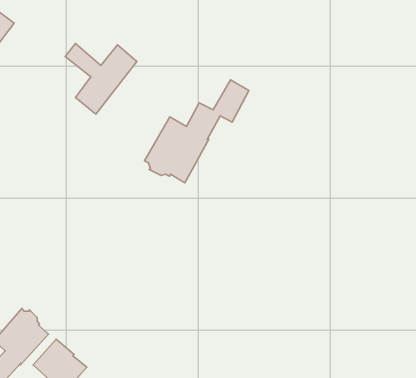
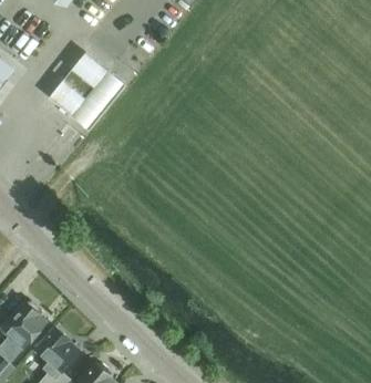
building: [145,80,249,183] -> none

